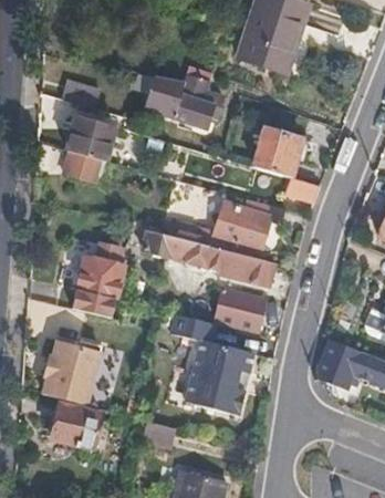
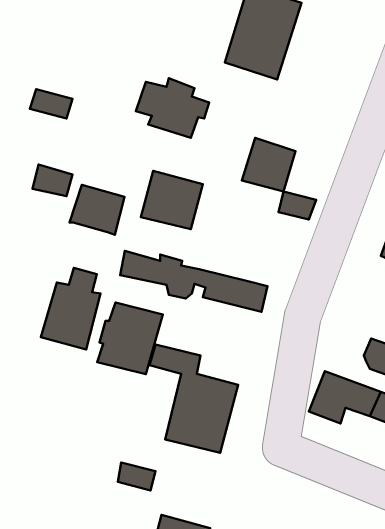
building: [65,117,115,163] -> [70,185,124,235]
building: [215,205,271,258] -> [141,171,203,229]
building: [216,286,263,330] -> none
building: [40,341,100,406] -> [97,302,163,374]
building: [50,405,98,450] -> none

